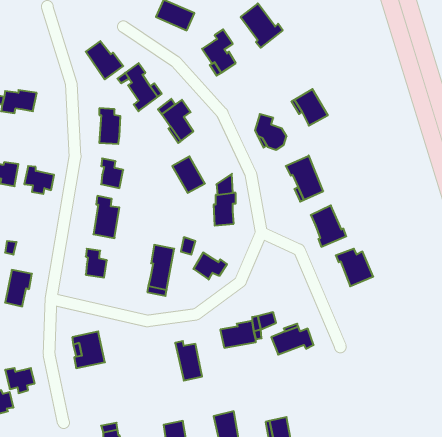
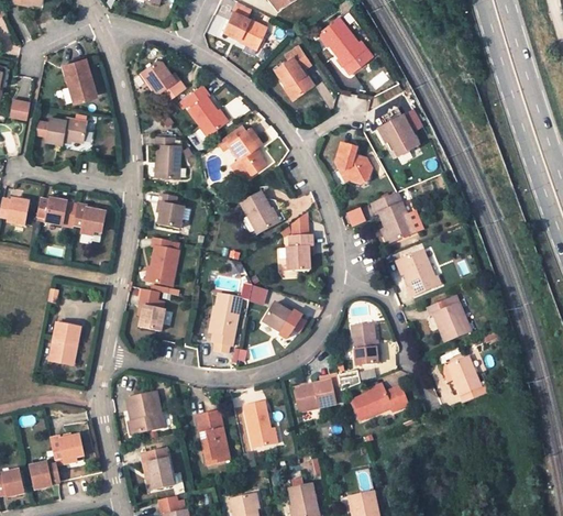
building: none -> [62,56,92,100]
building: none -> [353,321,379,363]
building: none -> [441,356,488,402]
building: none -> [198,410,230,461]
building: none -> [142,446,174,491]

